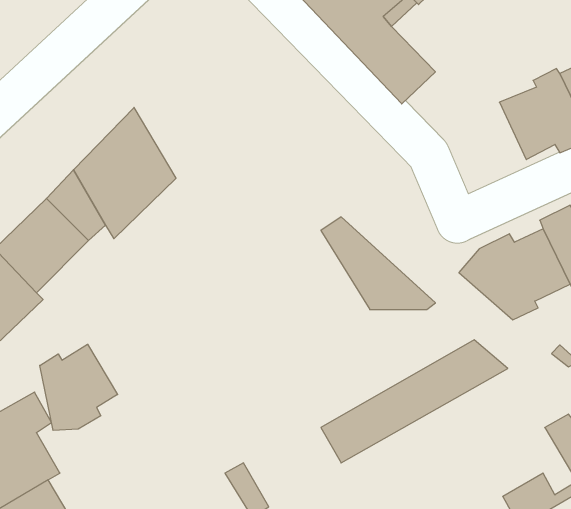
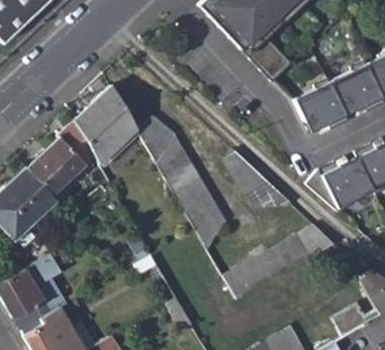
building: none -> [295,78,351,132]
building: none -> [137,114,227,249]
building: [40,344,118,430] -> none

